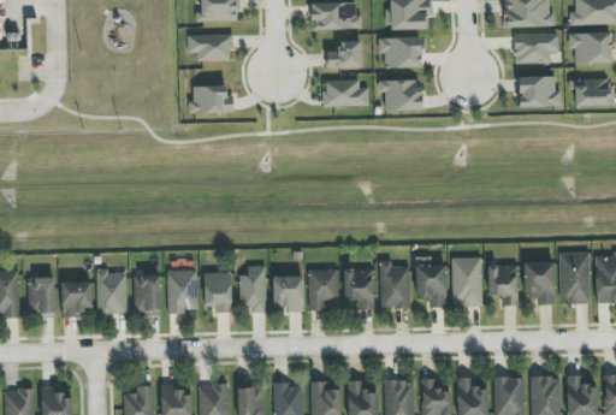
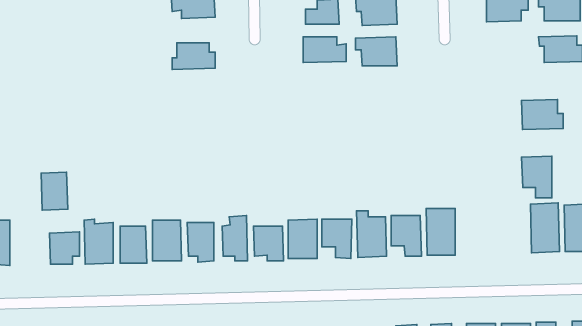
building: [517,76,561,107] -> [521,99,563,130]
building: [522,261,553,304] -> [522,156,552,198]
building: [487,265,517,306] -> none
building: [28,277,55,316] -> [41,172,68,210]

